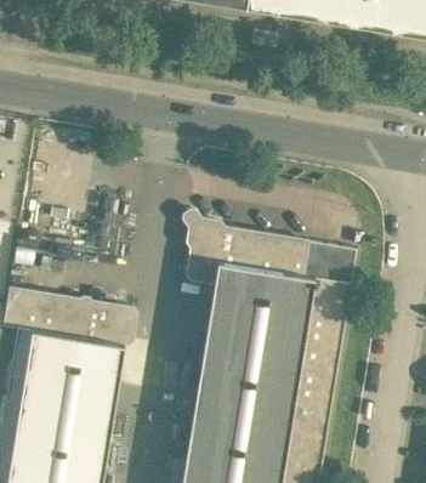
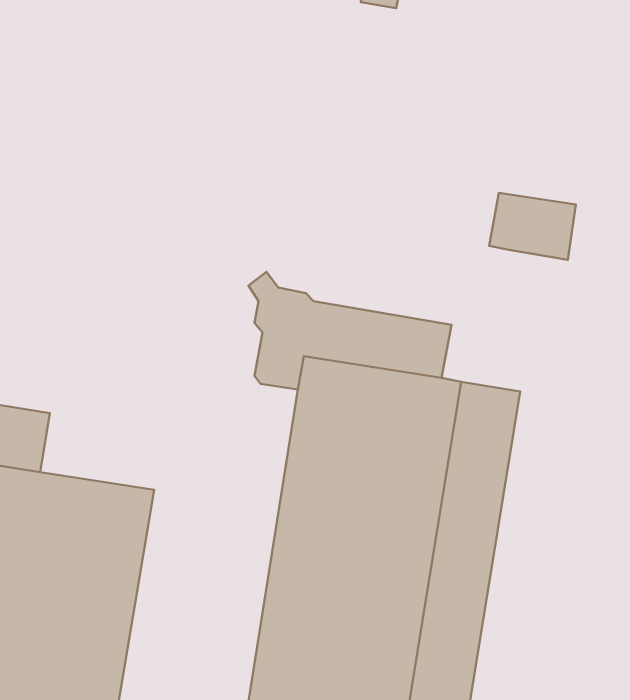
building: [301,240,354,282] -> [489,193,576,260]
building: [53,295,135,342] -> none

